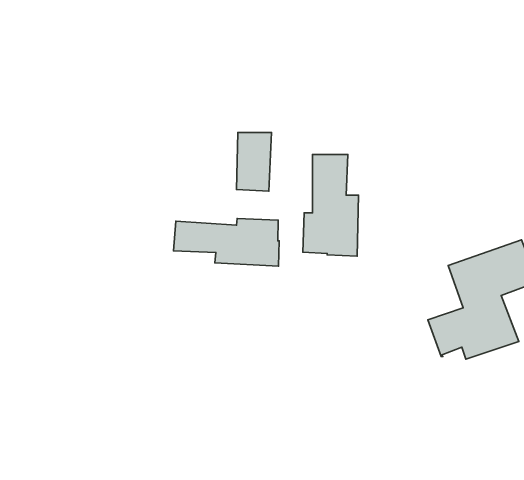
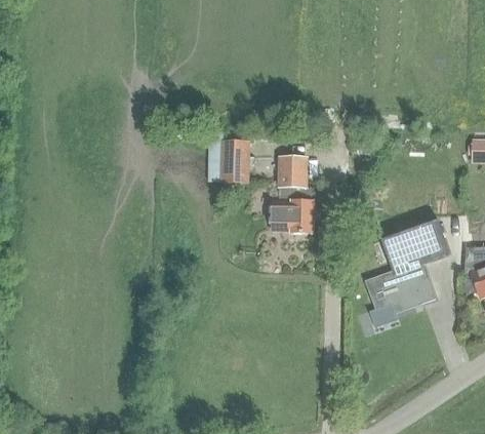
building: [173,218,279,266] -> none

